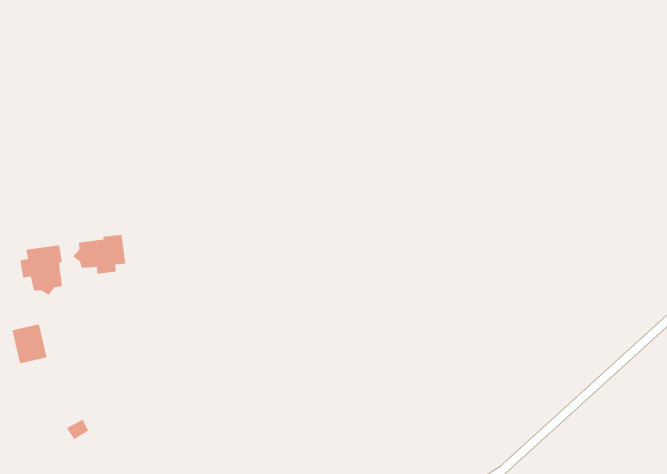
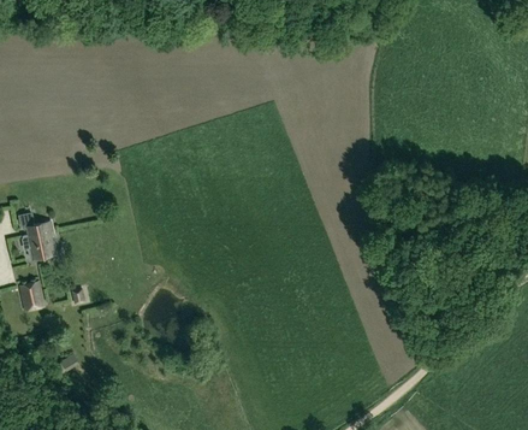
building: [72,234,126,274] -> none

